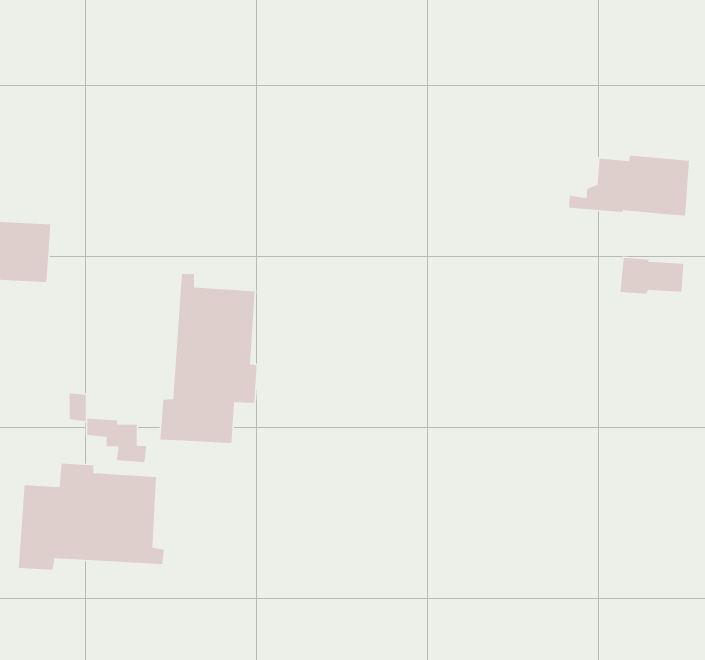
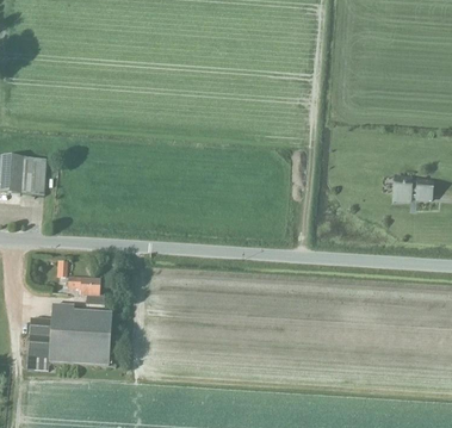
building: [569,155,690,217] -> none
building: [160,273,258,444] -> none

